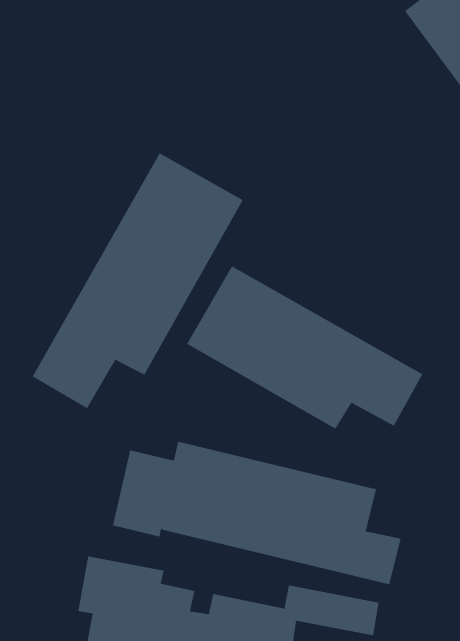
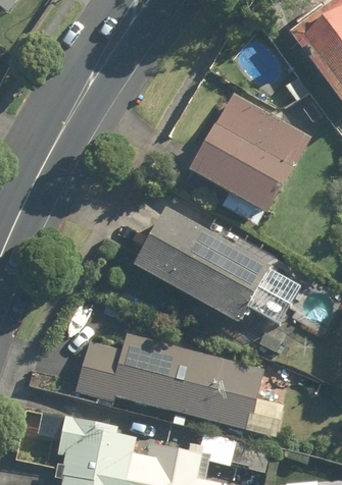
building: none -> [189,91,309,225]
building: [32,153,244,409] -> none

